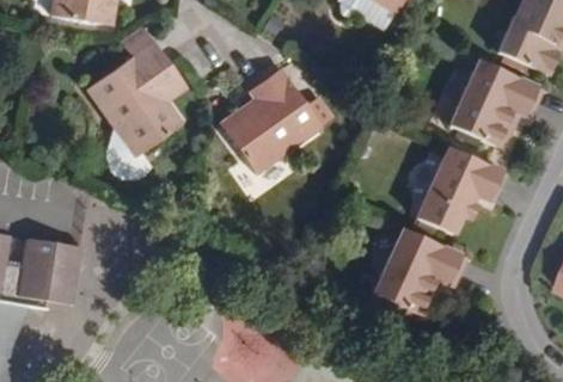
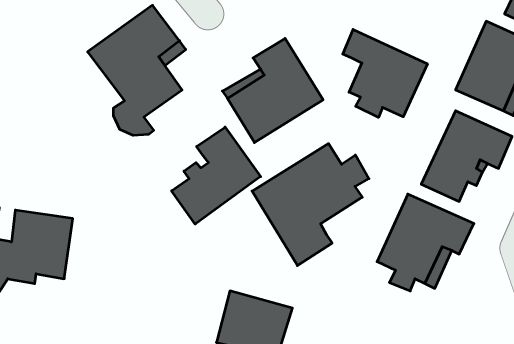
building: none -> [343,29,427,117]
building: none -> [172,127,261,224]
building: none -> [252,144,369,266]

